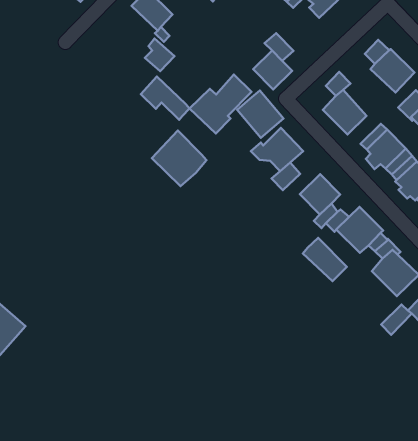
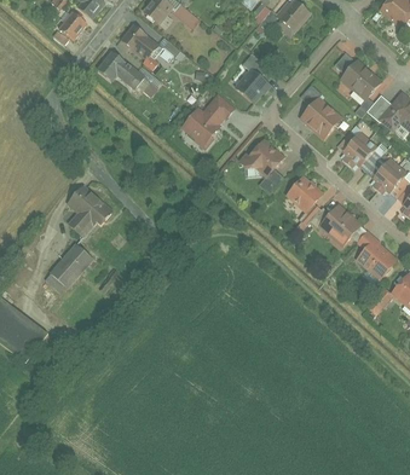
building: [141,76,189,120] -> [98,50,143,87]
building: [237,91,283,138] -> none
building: [152,131,207,186] -> none
building: none -> [67,185,112,238]
building: none -> [50,243,92,286]
building: [303,238,347,281] -> none

